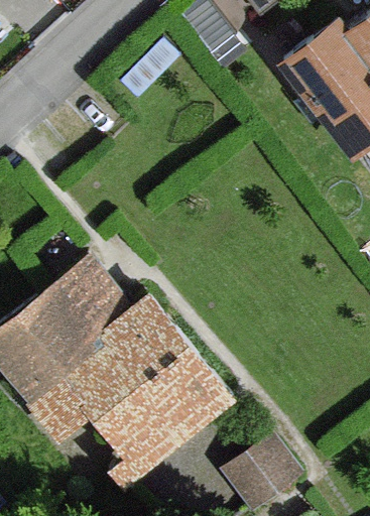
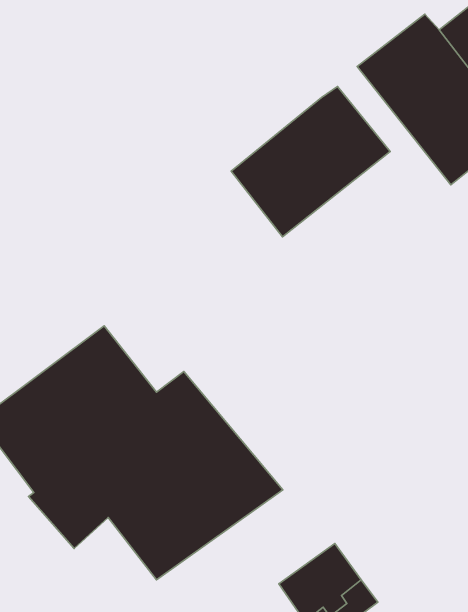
building: none -> [231,87,390,237]

